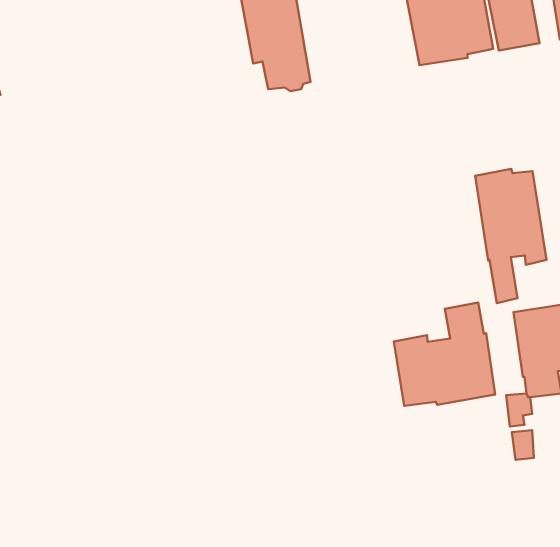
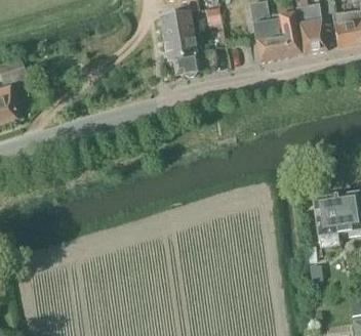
building: [475,169,547,303] -> none
building: [394,303,495,406] -> none

